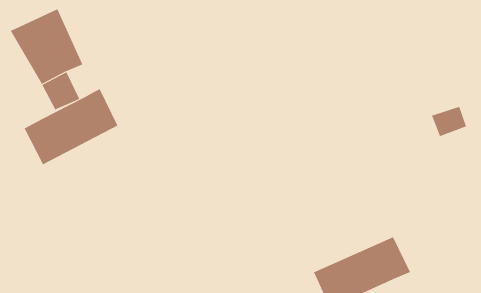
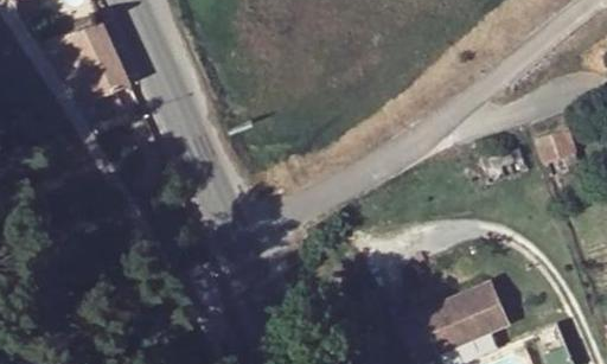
building: [24,88,118,165] -> none

